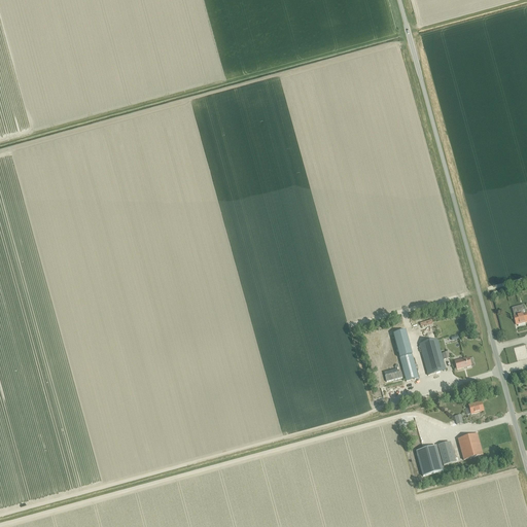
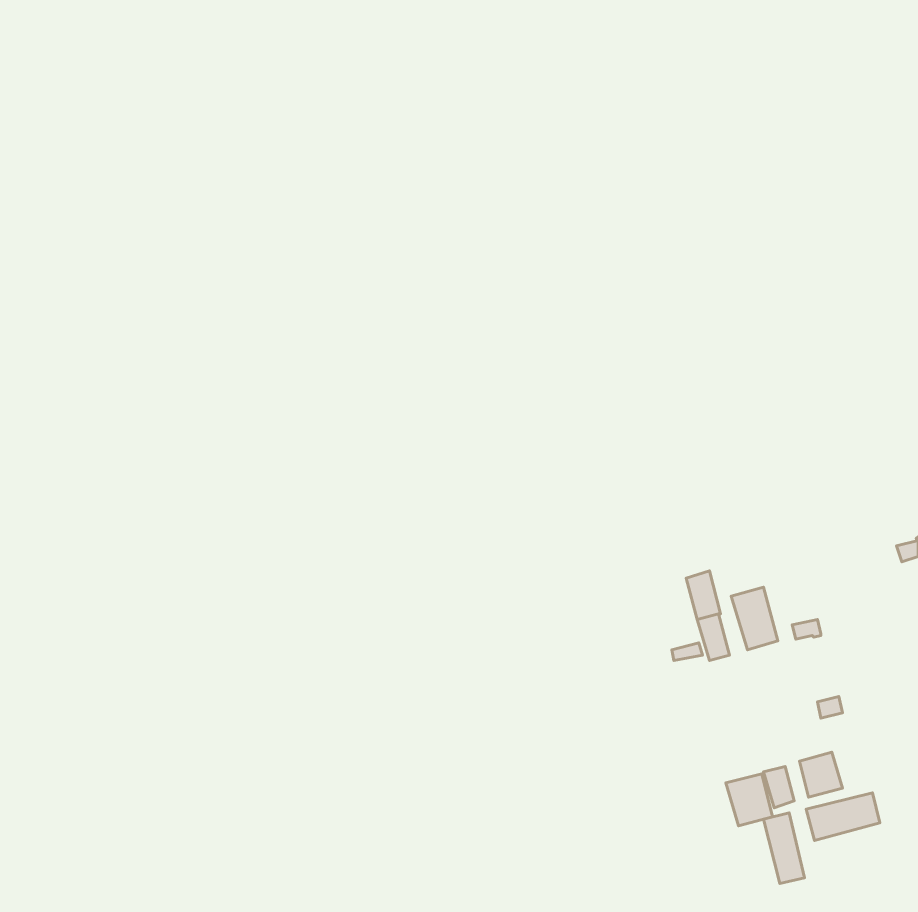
building: none -> [806,793,880,841]
building: none -> [763,813,804,883]

